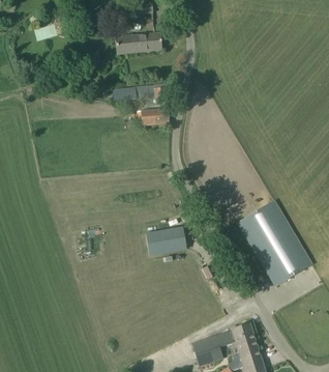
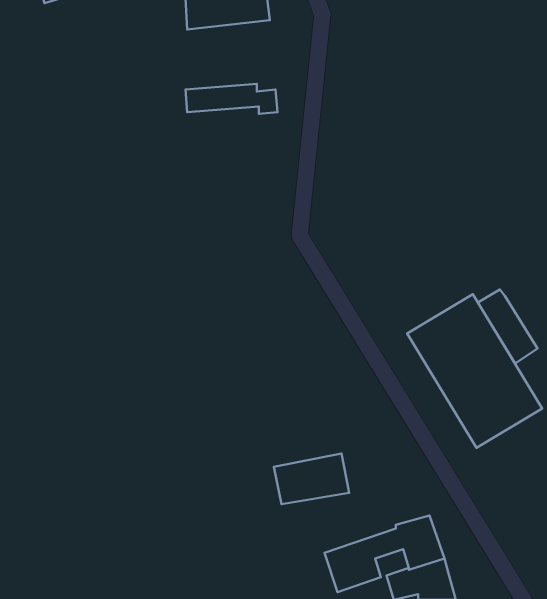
building: [136,108,168,124] -> none
building: none -> [478,289,537,364]
building: [145,226,186,254] -> [274,454,349,504]

